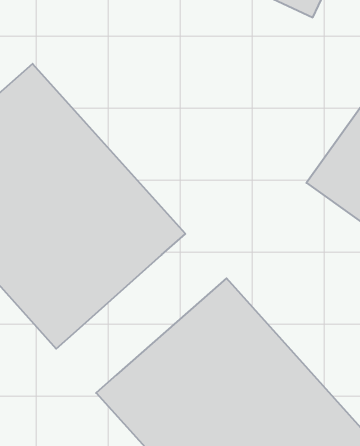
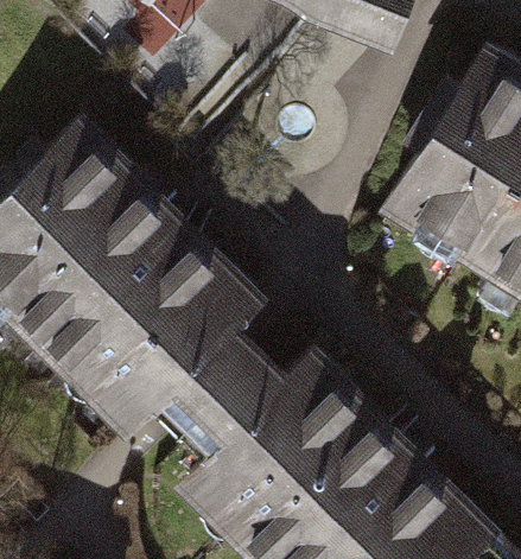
building: none -> [148,318,285,455]

